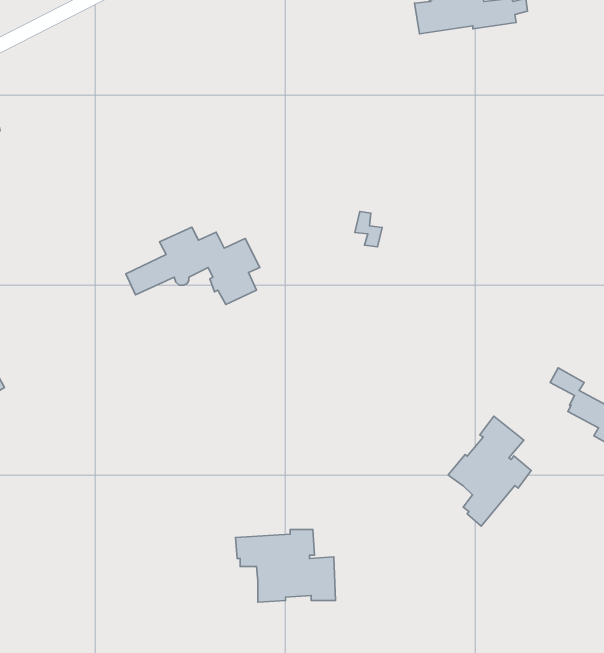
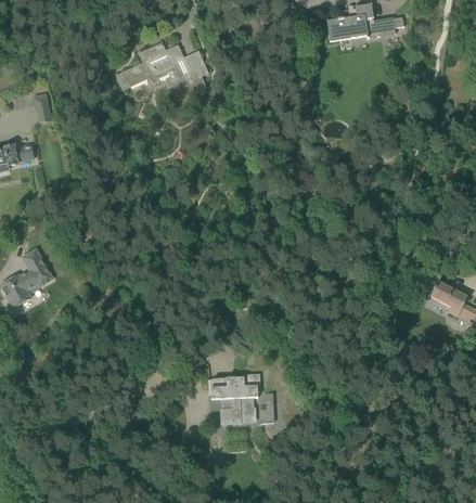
building: [126,227,260,305] -> [116,44,206,96]
building: [448,416,531,526] -> none

